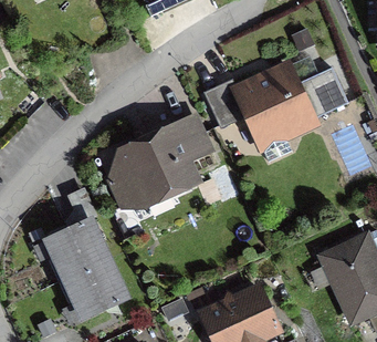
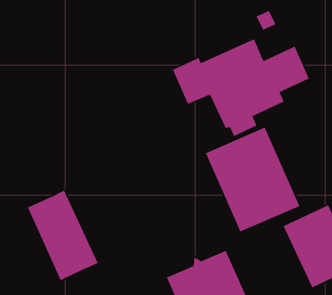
building: [106,112,216,210] -> none
building: none -> [205,127,300,232]

